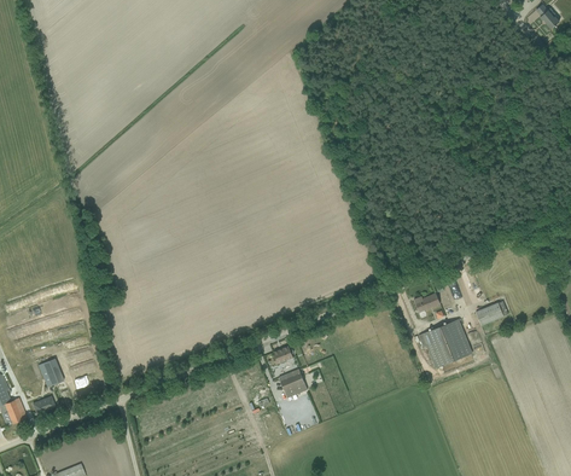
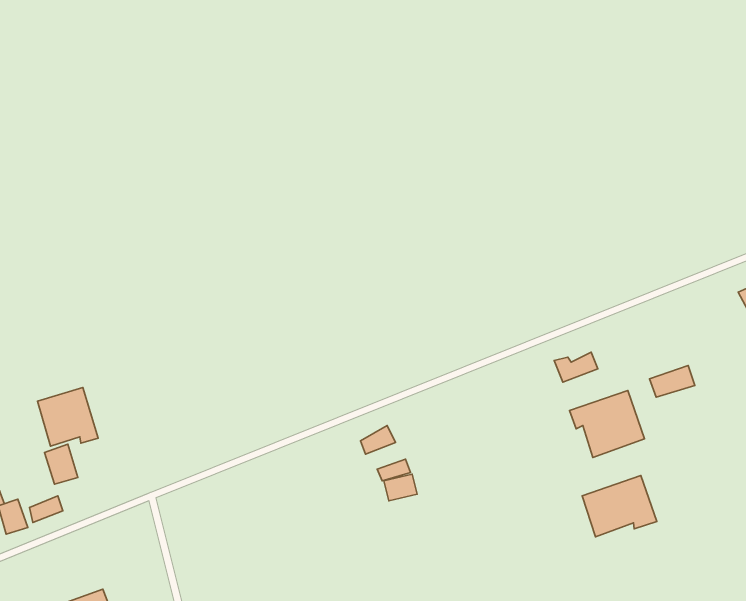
building: none -> [37,387,98,446]
building: none -> [582,476,657,537]

